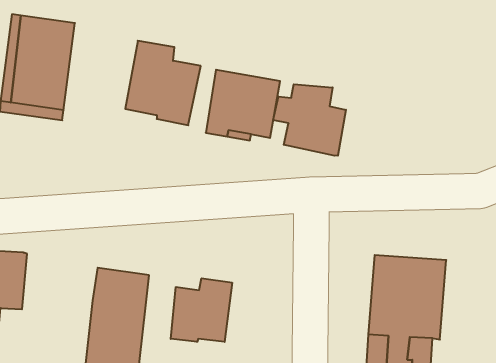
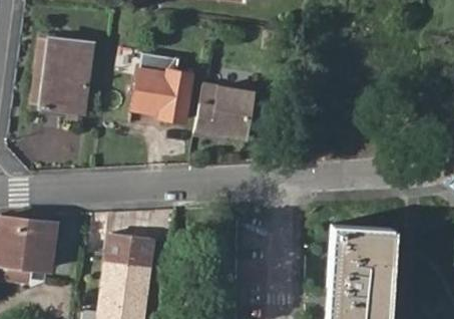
building: [273,84,346,156] -> none
building: [171,278,232,342] -> none

